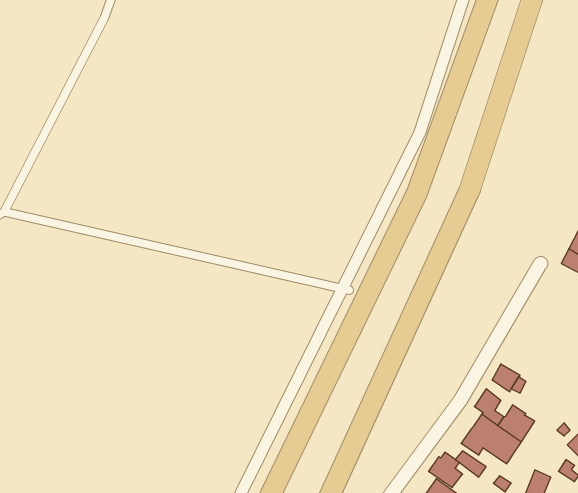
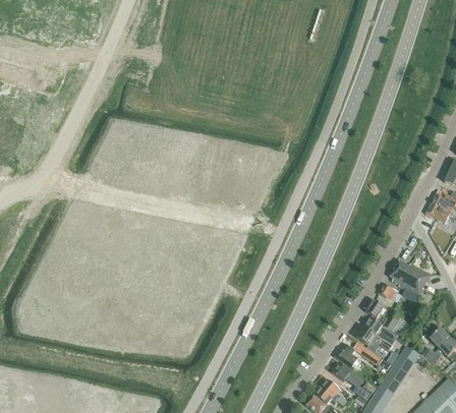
building: none -> [390,260,431,297]

